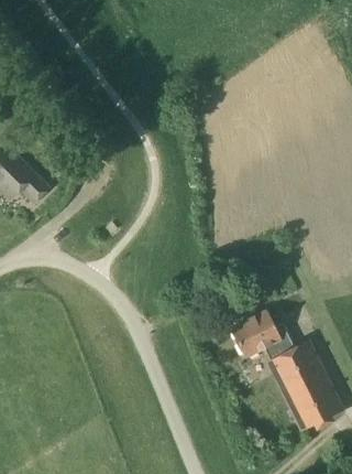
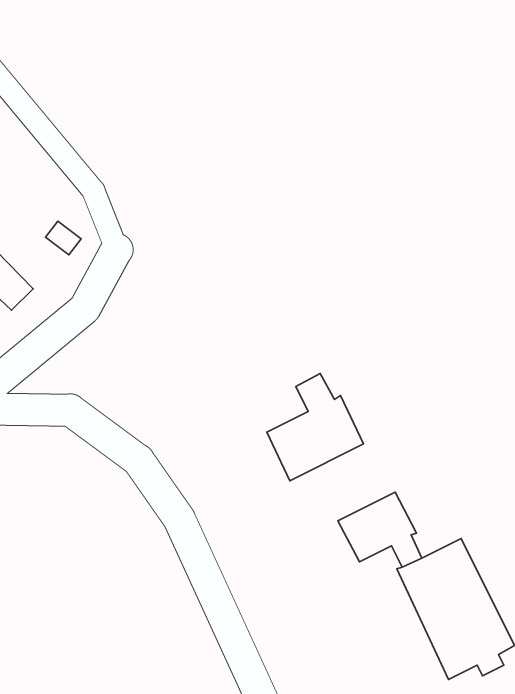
building: none -> [267,373,364,481]

